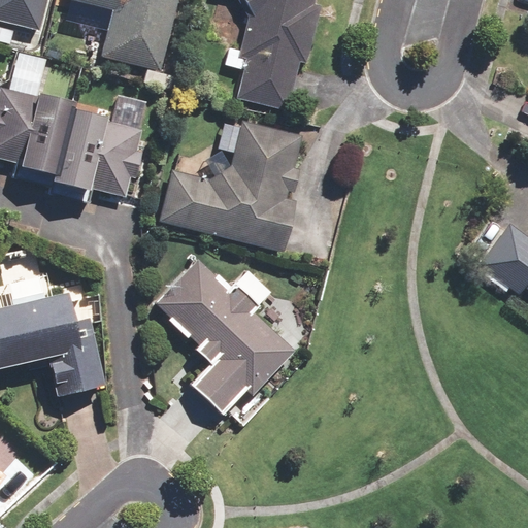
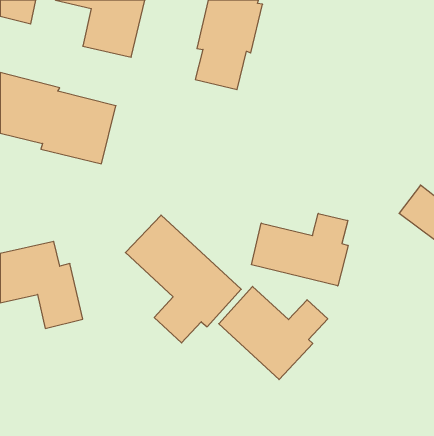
building: [159,121,301,253] -> none
building: none -> [252,213,348,286]
building: none -> [219,286,328,380]

